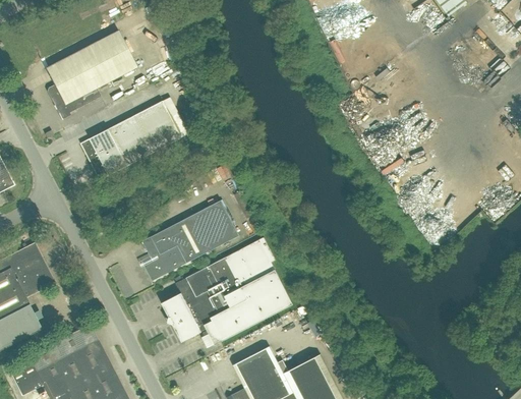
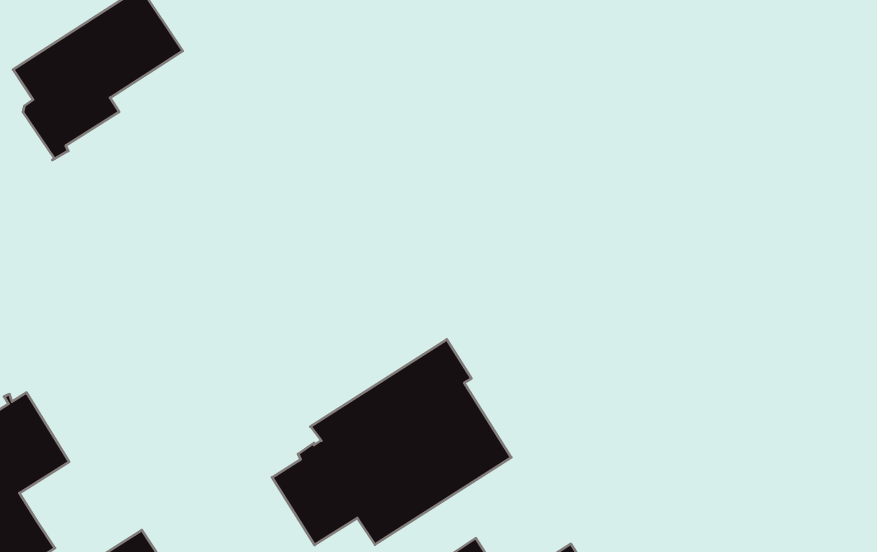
building: [79,101,181,183] -> none
building: [141,201,239,281] -> none

